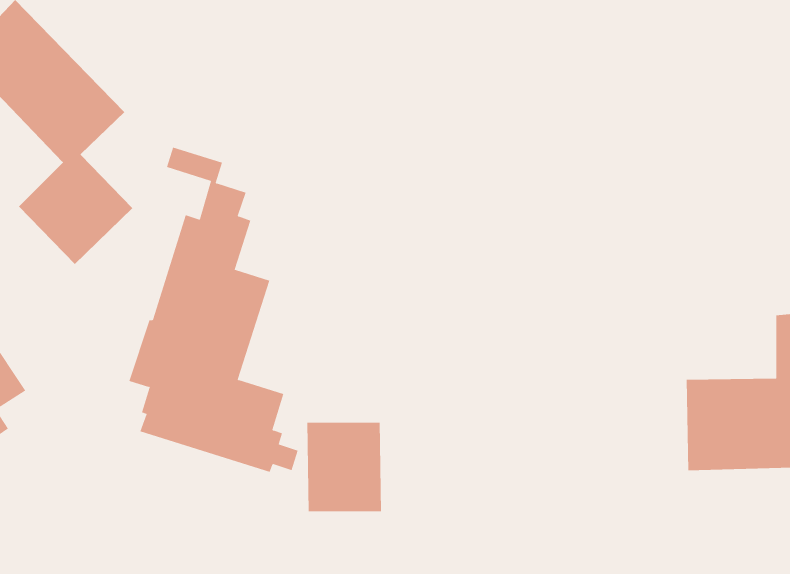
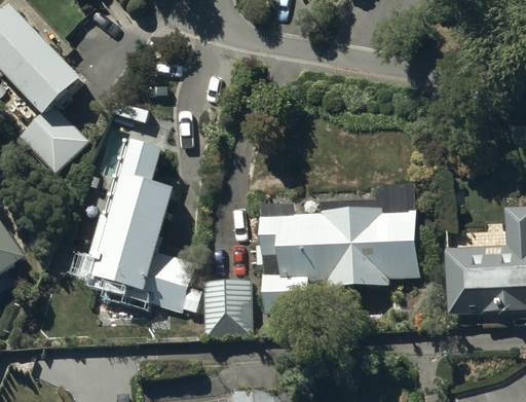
building: none -> [256,184,416,316]

